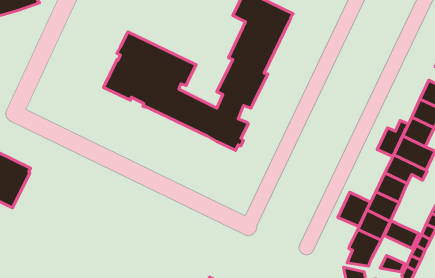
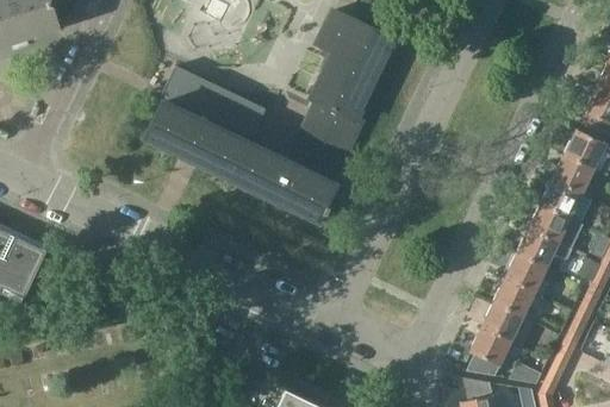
building: [377,121,408,156] -> none
building: [338,192,370,227] -> none
building: [384,221,419,248] -> none

